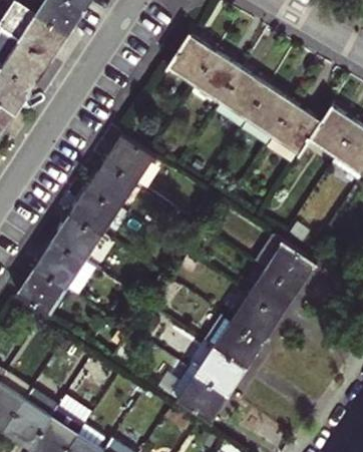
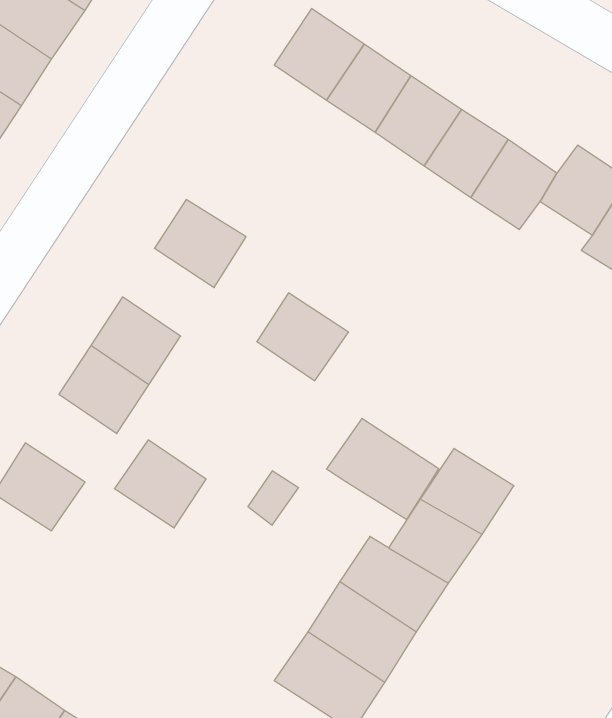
building: [87,163,136,210] -> [257,293,349,381]
building: [254,237,314,291] -> [326,418,439,519]
building: [35,242,84,289] -> [114,440,206,528]

